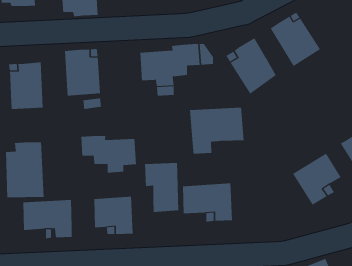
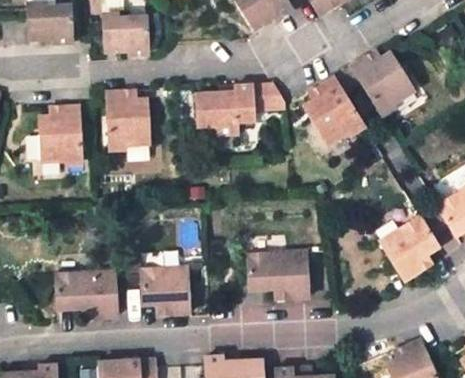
building: [189,107,244,155] -> none
building: [81,135,137,173] -> none
building: [5,141,44,198] -> none
building: [144,162,179,213] -> none

